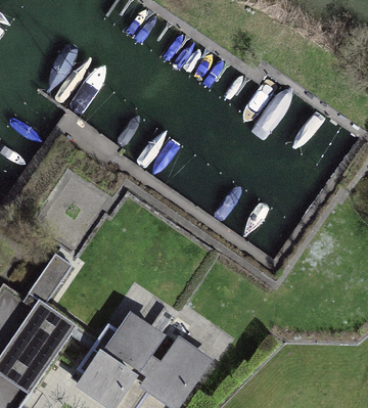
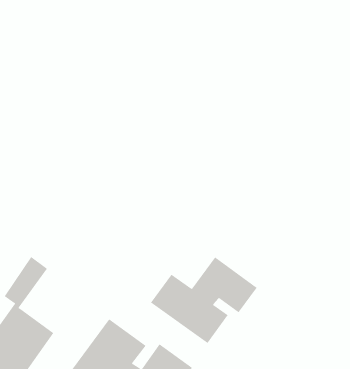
building: none -> [150,257,257,344]

